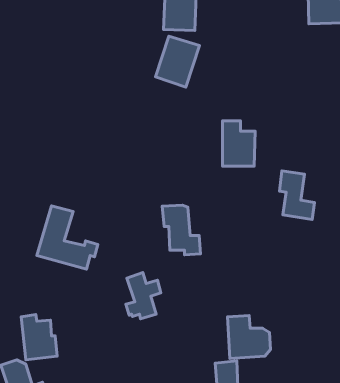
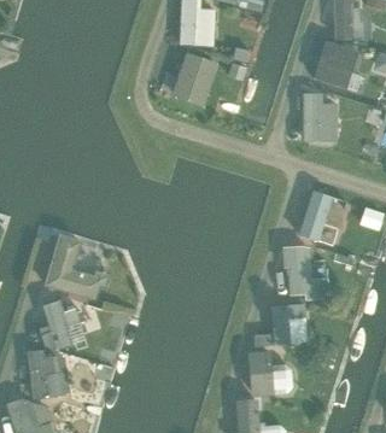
building: none -> [320,41,350,86]
building: [222,121,255,166] -> [302,92,337,140]
building: [162,205,200,255] -> [281,245,322,298]
building: none -> [255,303,308,346]
building: [126,272,161,319] -> [41,299,78,349]

